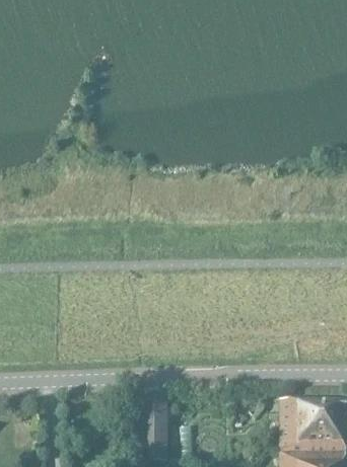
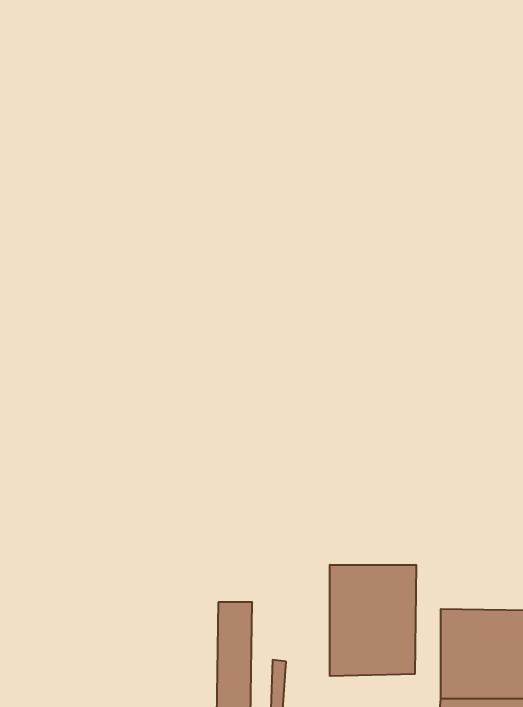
building: none -> [330,565,416,676]

